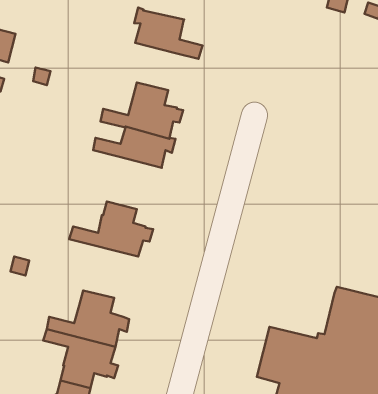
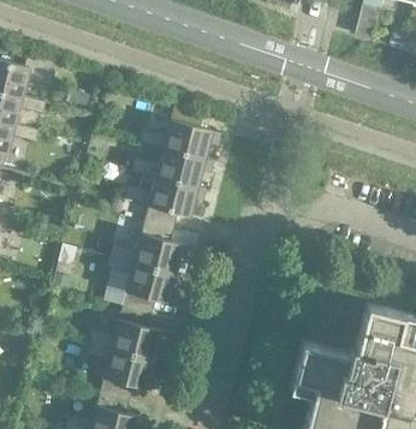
building: [134,8,203,59] -> none
building: none -> [124,177,203,227]
building: none -> [106,256,177,312]

